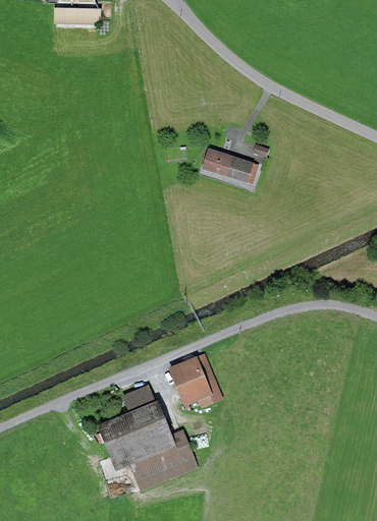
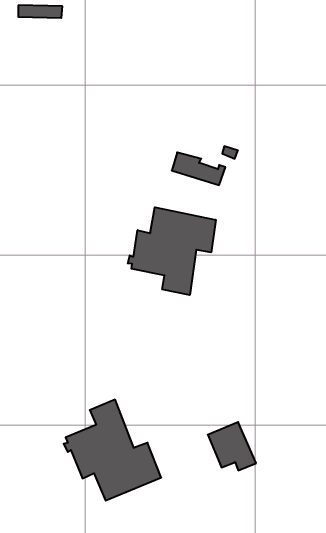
building: none -> [128,207,216,295]
building: [173,357,220,404] -> [208,422,256,470]

